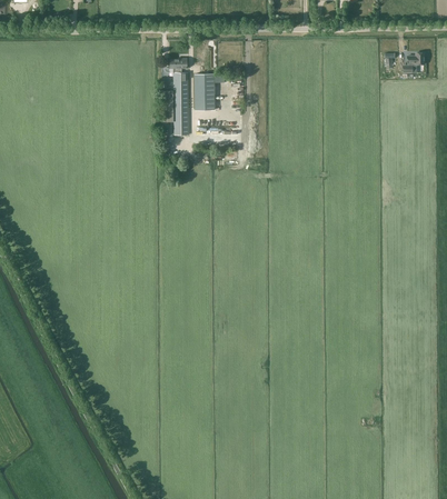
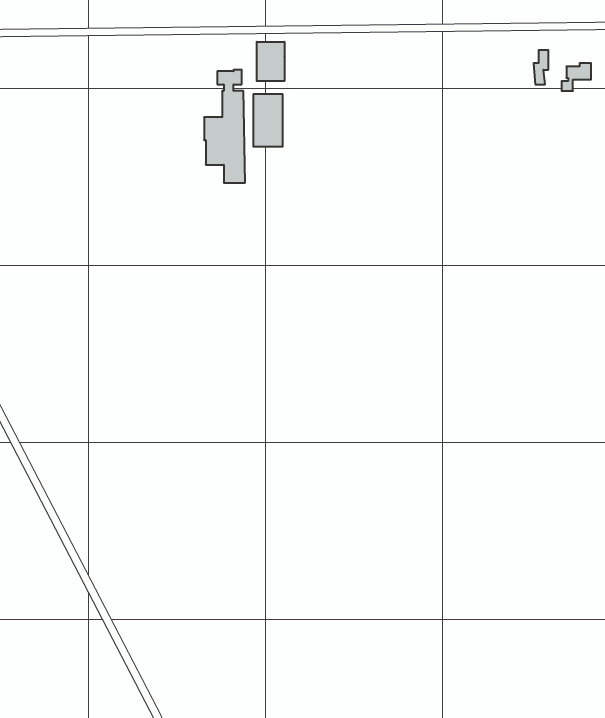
building: none -> [257,42,284,81]

